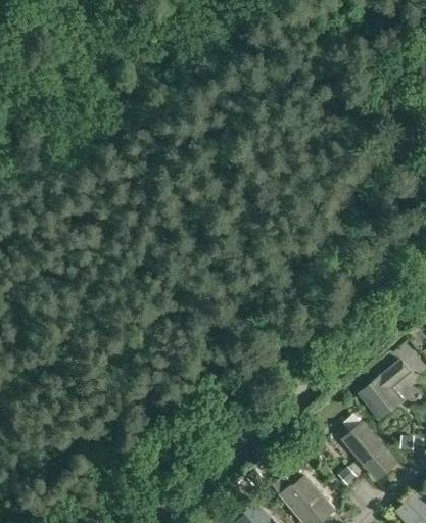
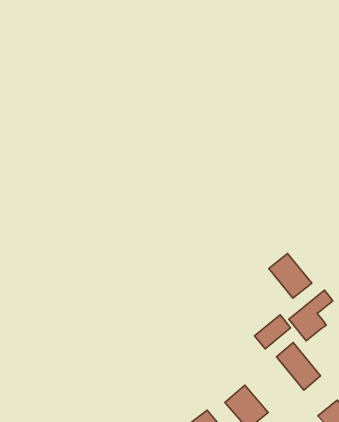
building: none -> [269,253,312,298]
building: none -> [255,315,291,349]

